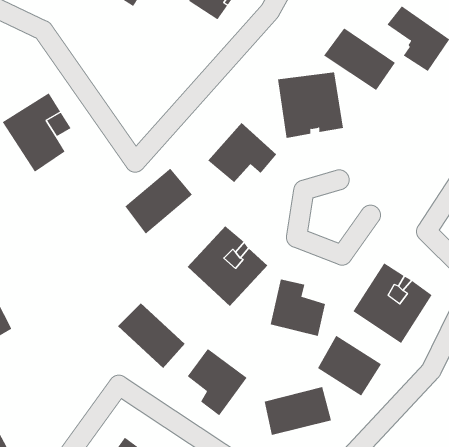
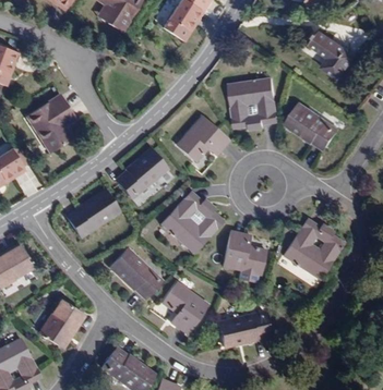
building: [323,27,396,91] -> [285,102,338,149]
building: none -> [67,190,118,236]
building: [317,335,382,396] -> none
building: none -> [38,300,83,345]

